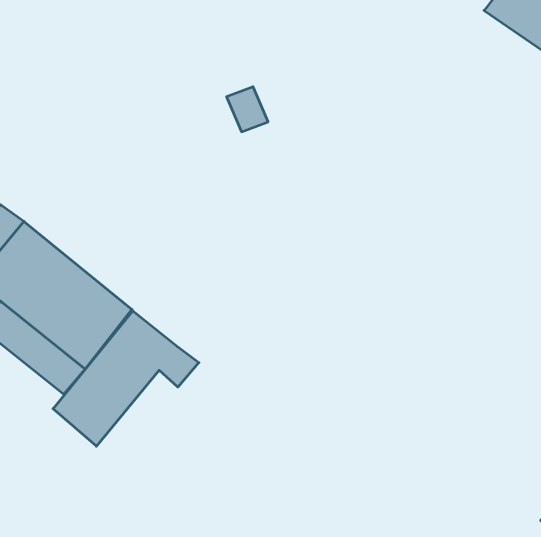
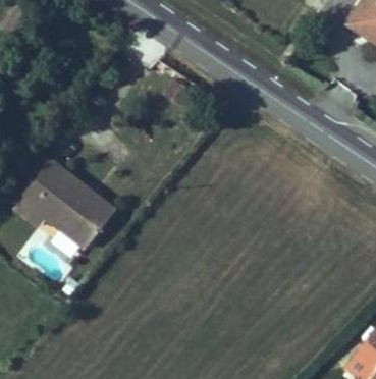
building: [53,311,199,446] -> none

